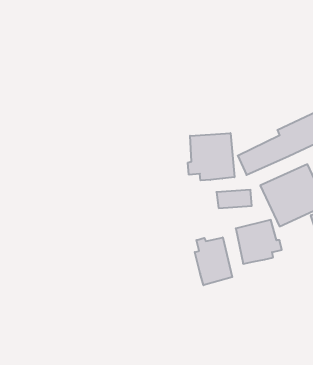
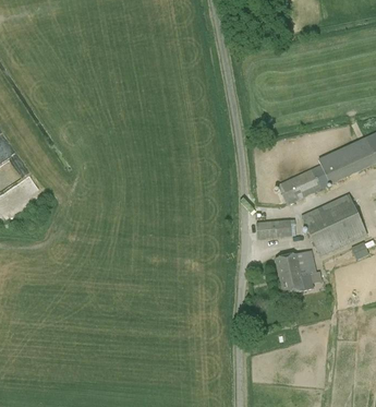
building: [188,133,234,180] -> none
building: [195,237,232,285] -> none

